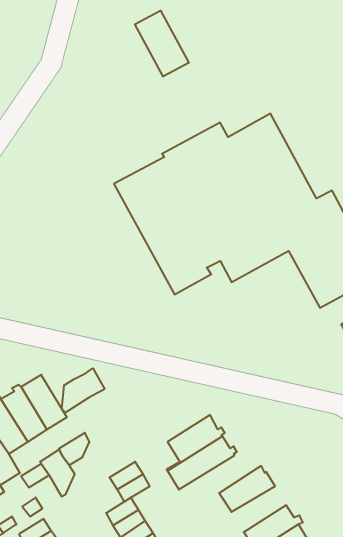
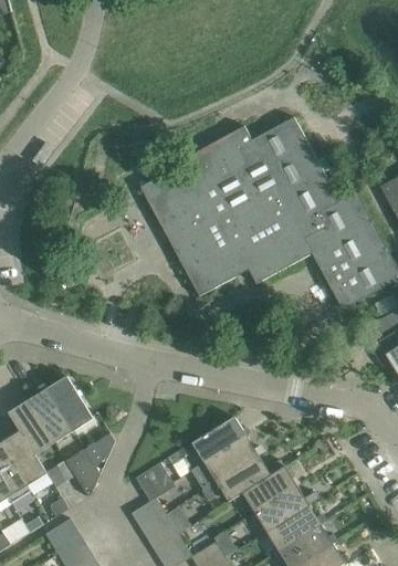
building: [135,11,189,77] -> none
building: [62,368,105,413] -> none
building: none -> [202,455,284,502]
building: none -> [255,486,321,532]

